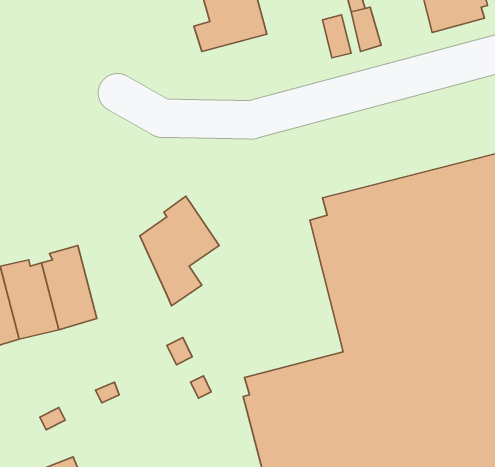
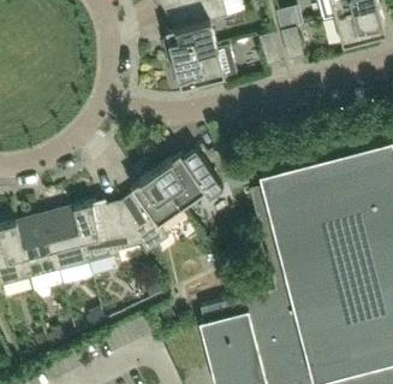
building: none -> [168,47,237,89]
building: none -> [156,150,224,209]
building: none -> [75,202,142,265]

